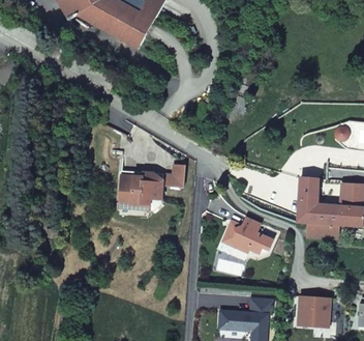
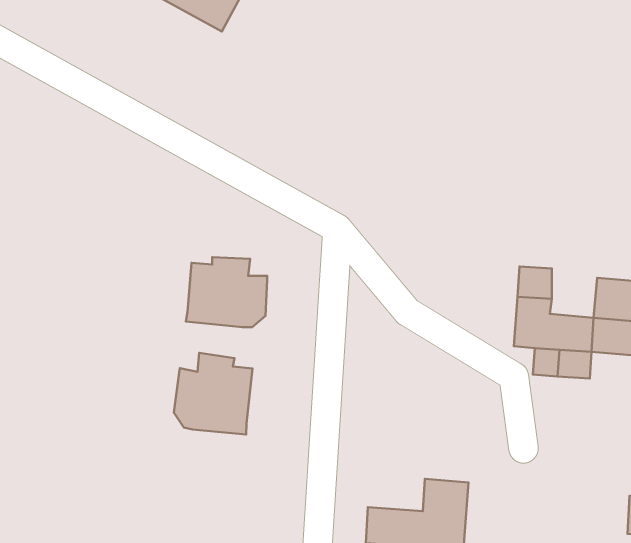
building: [152,164,185,186] -> none
building: [223,217,273,253] -> none
building: none -> [174,353,253,434]
building: [298,296,330,321] -> none

